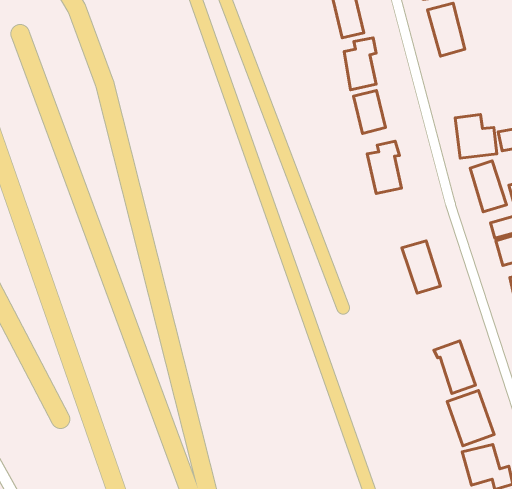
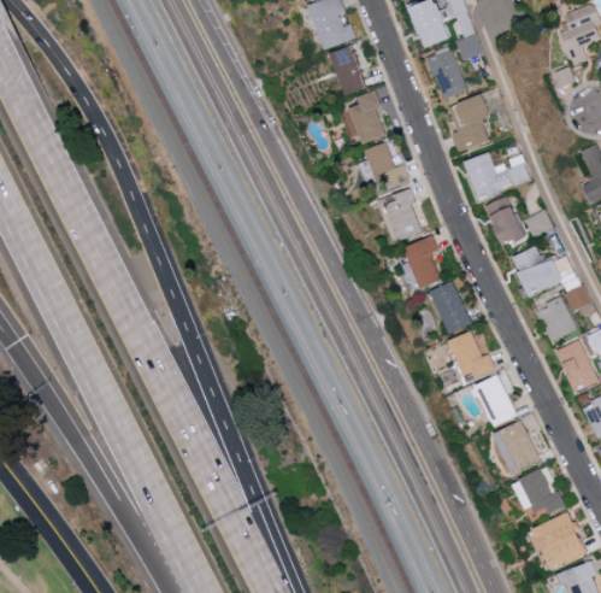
building: none -> [447,94,490,153]
building: none -> [403,236,440,288]
building: none -> [448,331,495,382]

